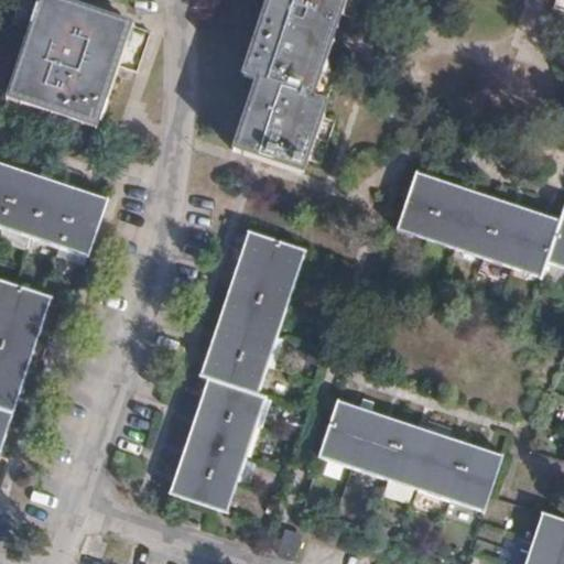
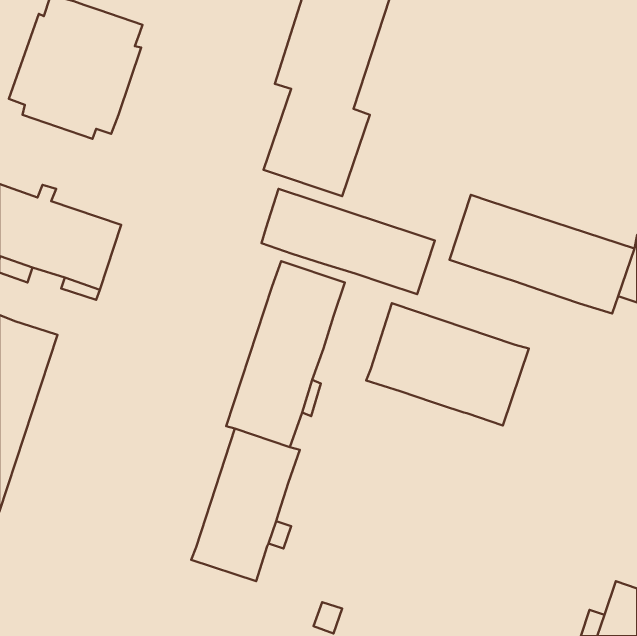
building: none -> [262,189,435,294]
building: none -> [366,303,529,426]
building: [318,398,503,512] -> none

